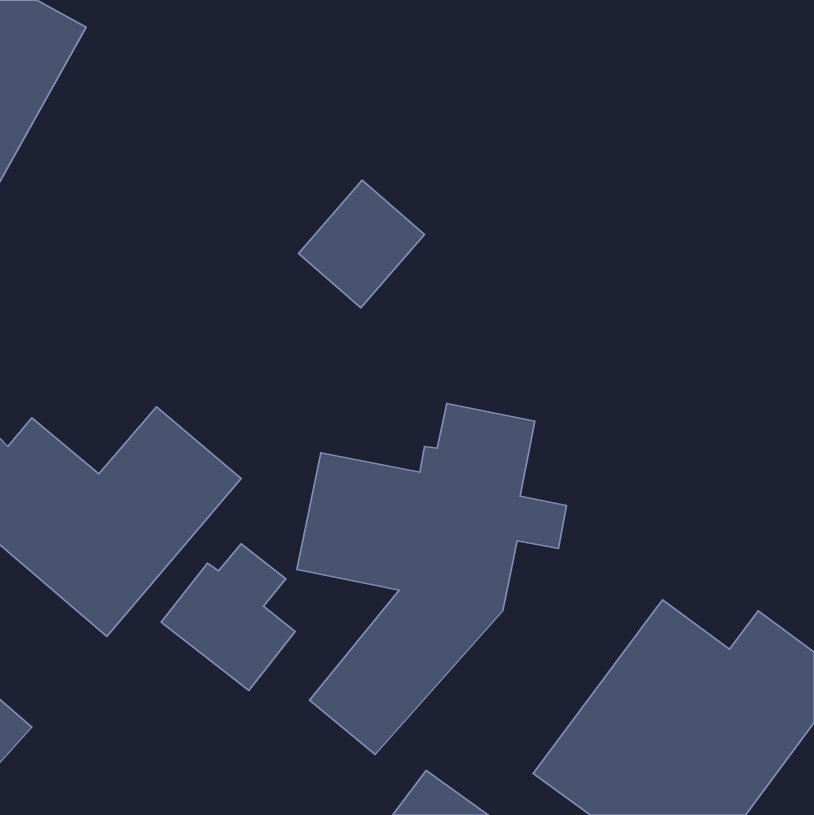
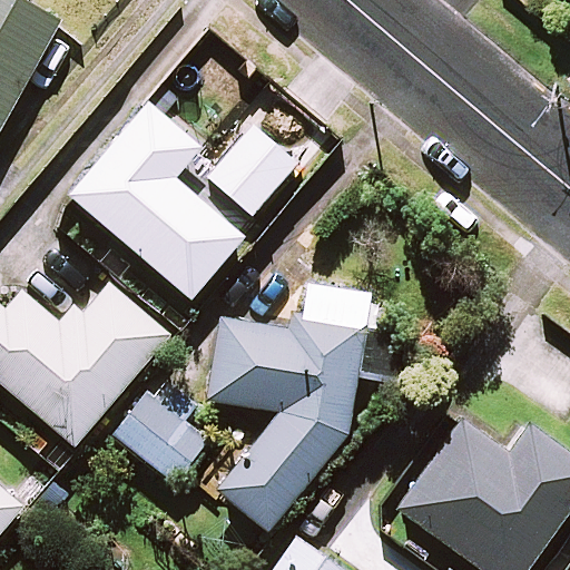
building: none -> [72,104,242,297]

